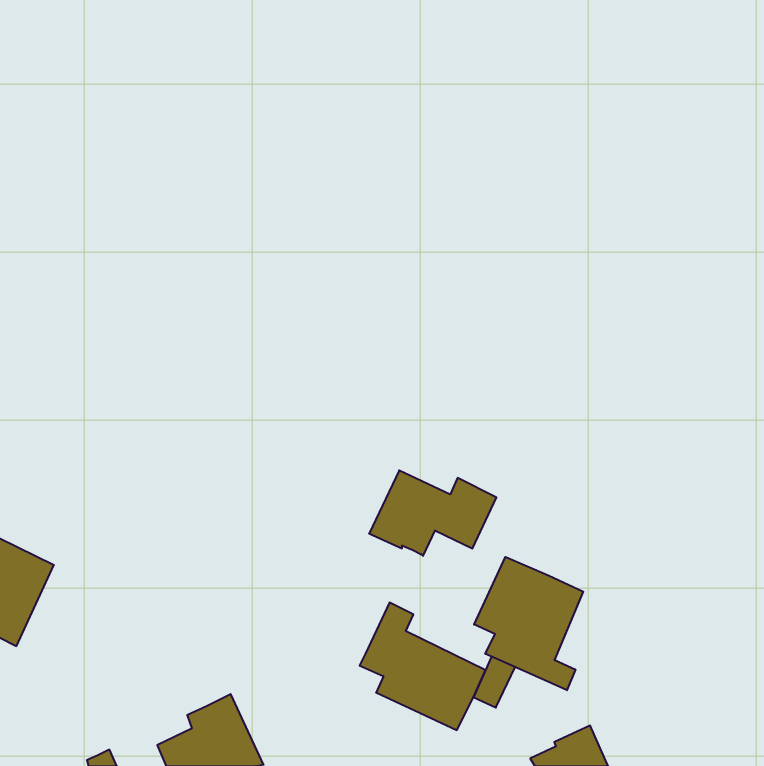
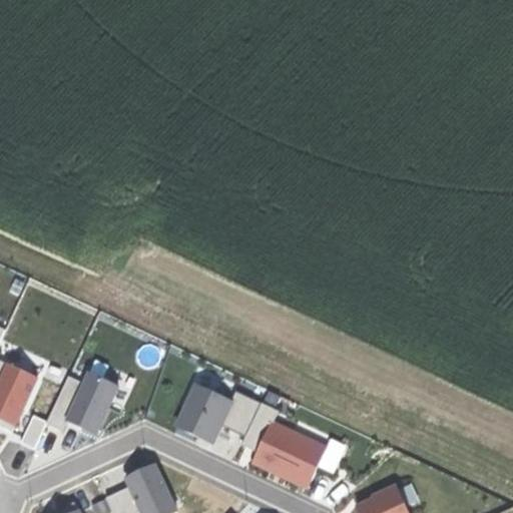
building: [369,470,496,556] -> [175,385,261,442]
building: [474,557,583,690] -> none
building: none -> [45,374,117,434]

